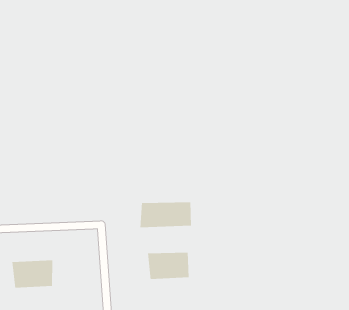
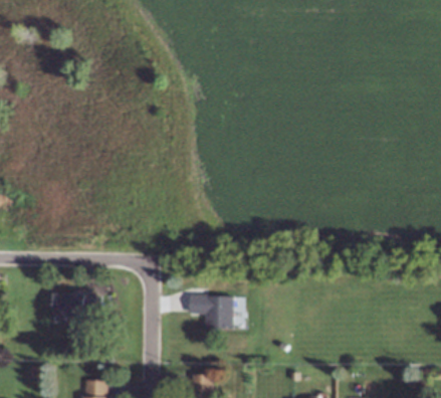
building: [140,201,192,228] -> none

